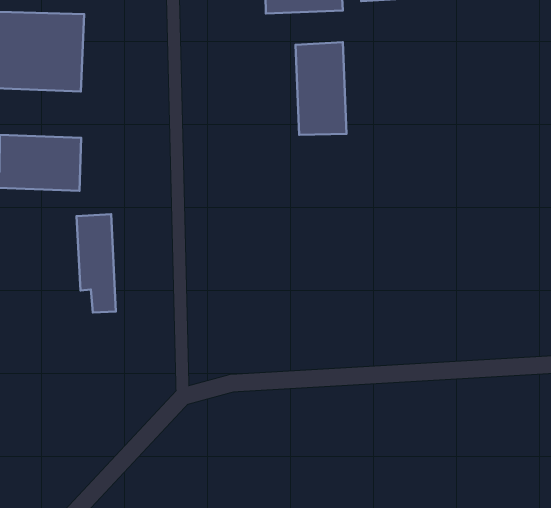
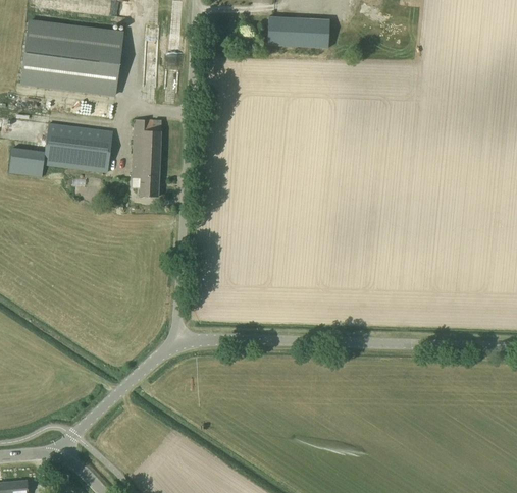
building: [296,42,346,135] -> none
building: [77,214,116,312] -> [132,118,161,197]

